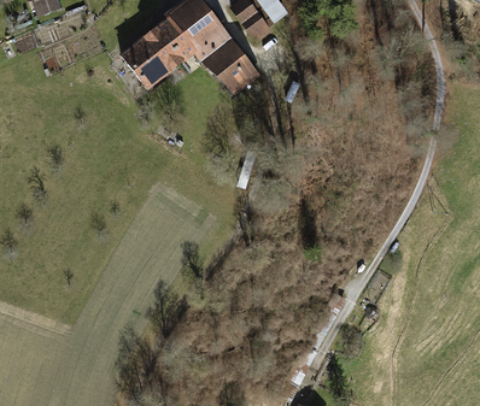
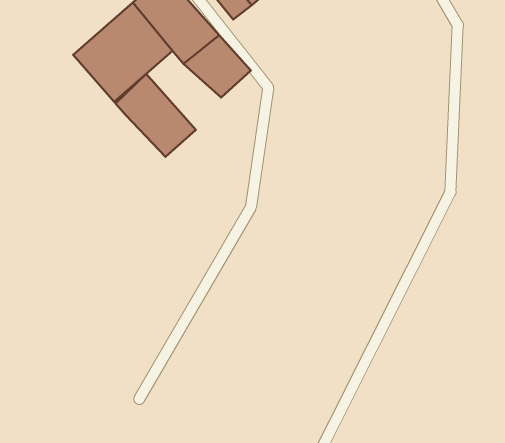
building: none -> [115,74,196,157]

